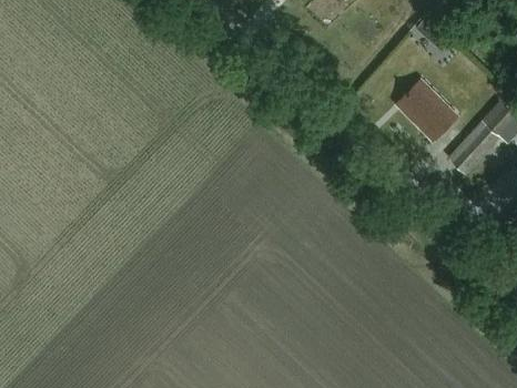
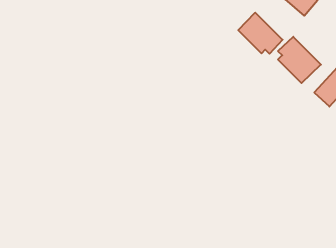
building: none -> [238,13,283,54]

